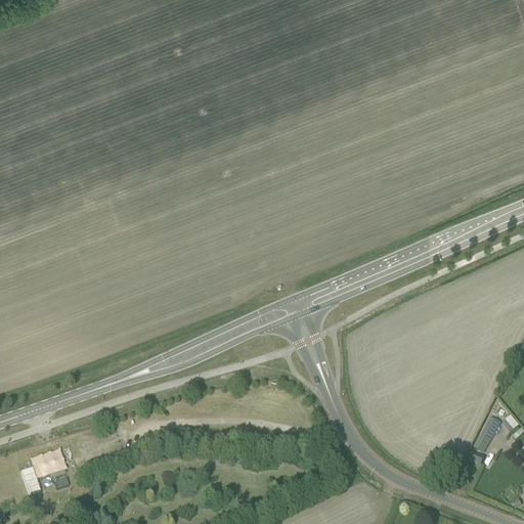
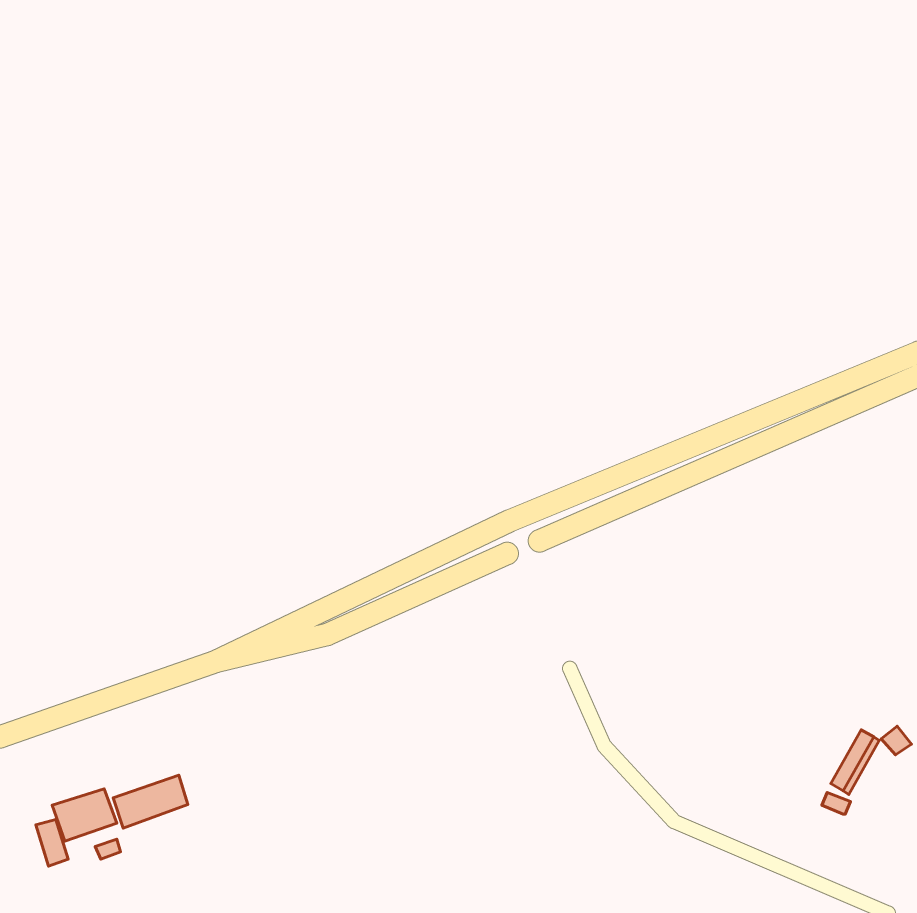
building: none -> [113,775,188,828]

